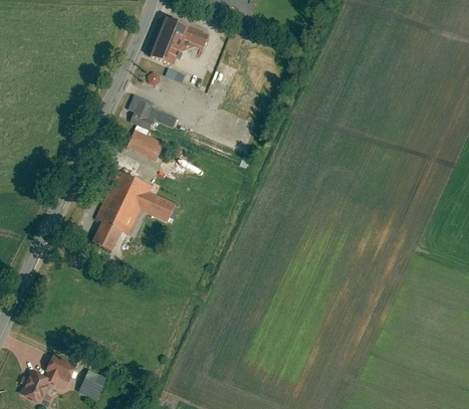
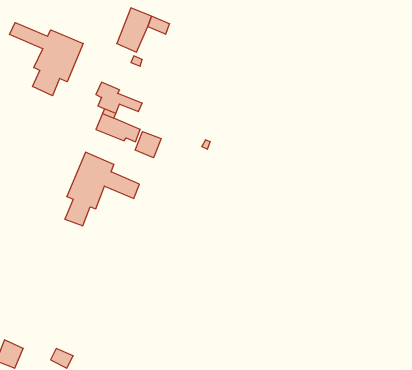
building: none -> [10,23,83,96]
building: none -> [135,132,161,158]
building: [46,356,73,382] -> none

